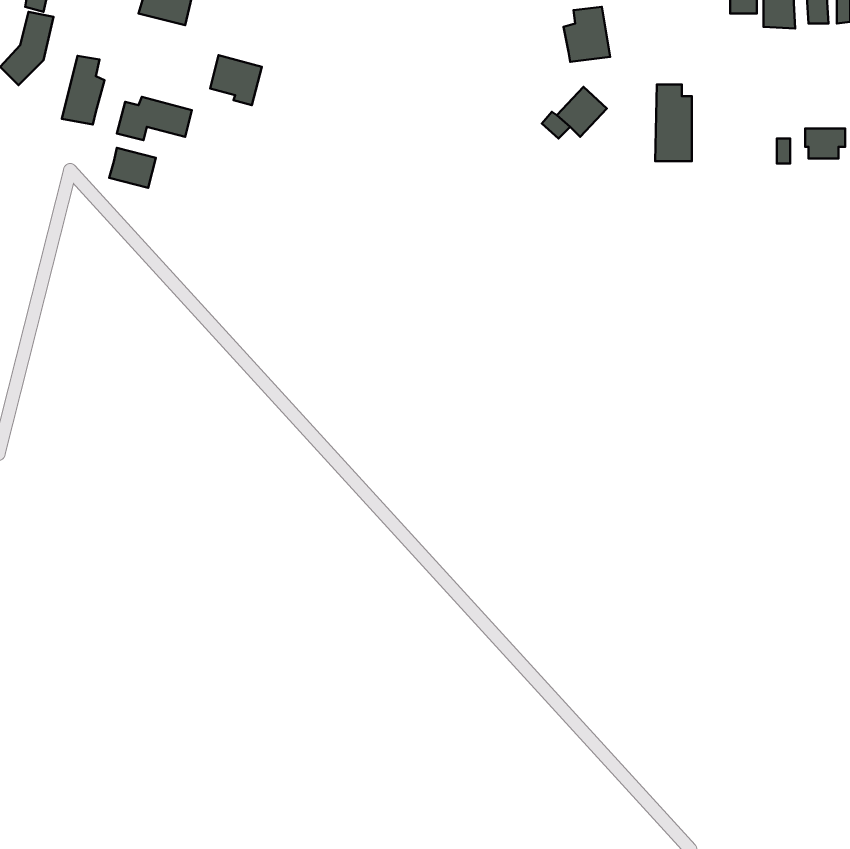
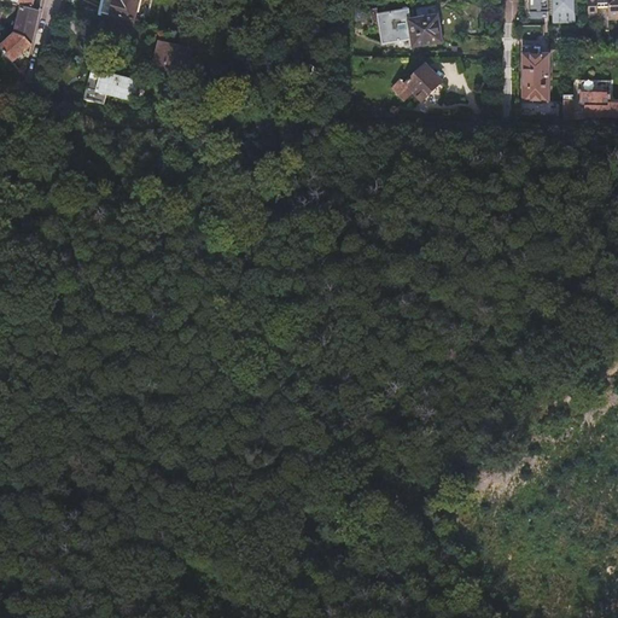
building: none -> [377,8,412,41]
building: [62,56,104,124] -> none
building: [655,84,692,161] -> [521,45,548,100]
building: [109,148,156,188] -> none

